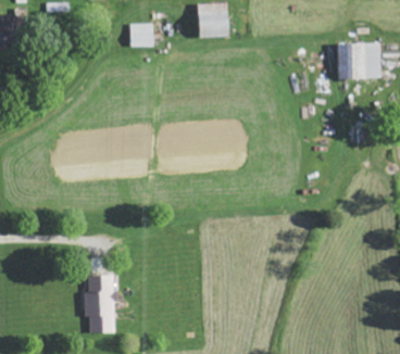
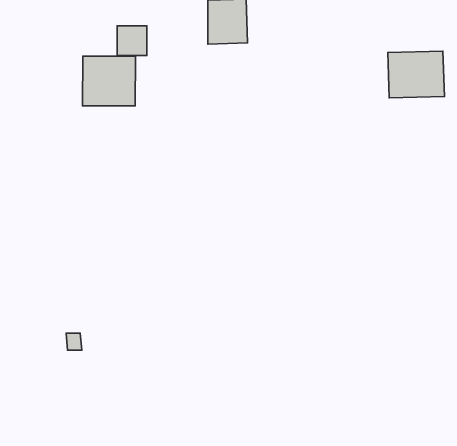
building: none -> [82,56,136,106]
building: [85,275,115,332] -> none

